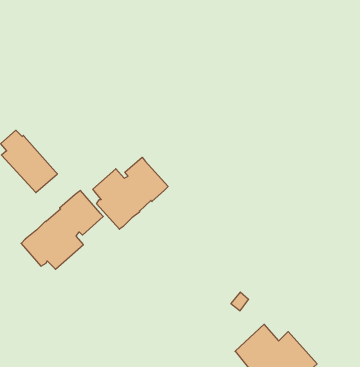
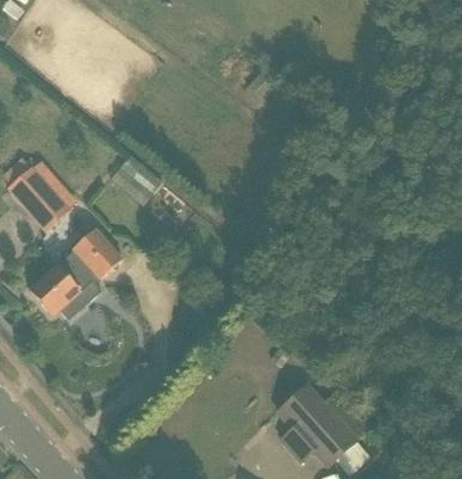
building: [93,157,168,229] -> none

